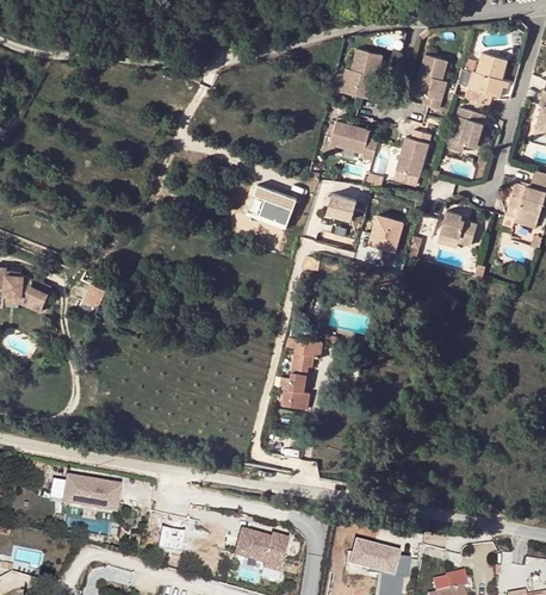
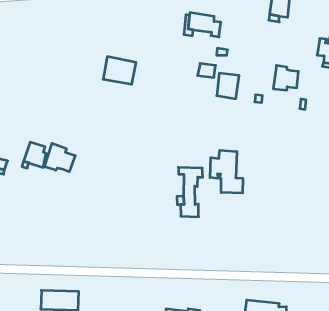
building: [396,138,429,179] -> none
building: [247,182,297,227] -> [103,57,136,84]
building: none -> [44,143,75,172]
building: none -> [210,150,243,193]

